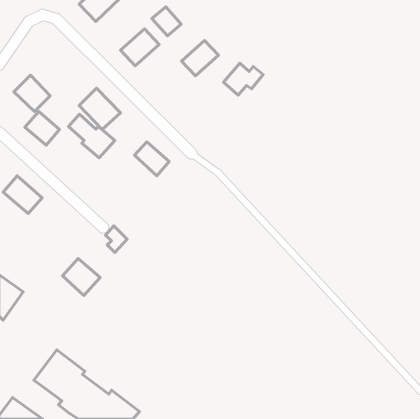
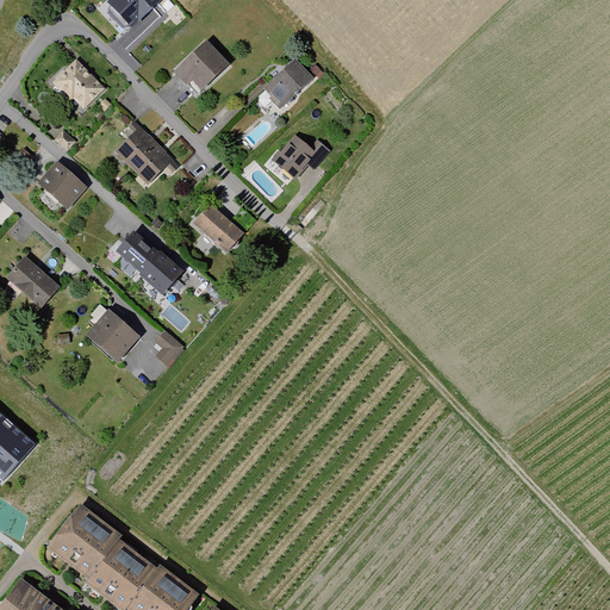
building: [152,7,181,36] -> none
building: [223,63,263,95] -> [272,133,329,180]
building: [14,75,50,112] -> [51,58,104,111]
building: [69,114,115,158] -> [118,234,185,297]
building: [62,258,100,295] -> [86,309,141,362]

